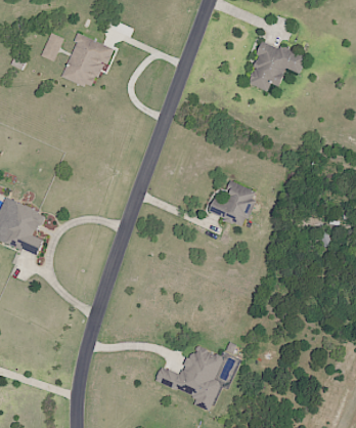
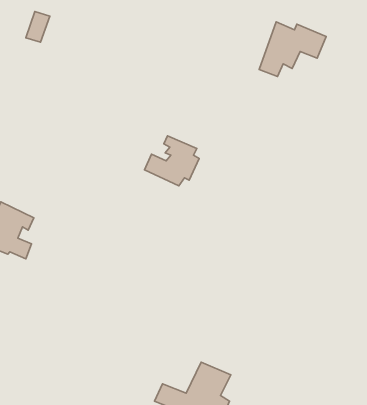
building: [60,32,116,87] -> none
building: [209,180,258,225] -> [145,136,199,186]

